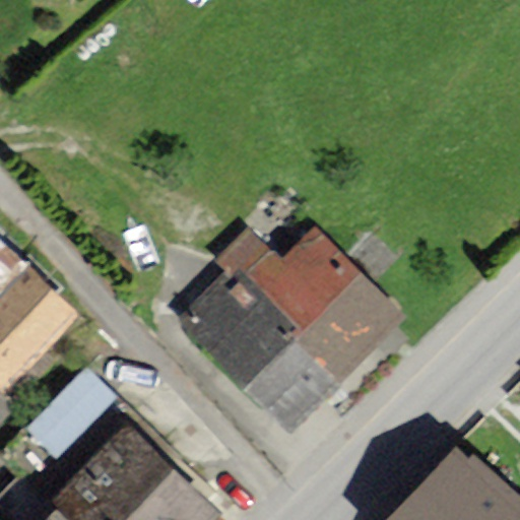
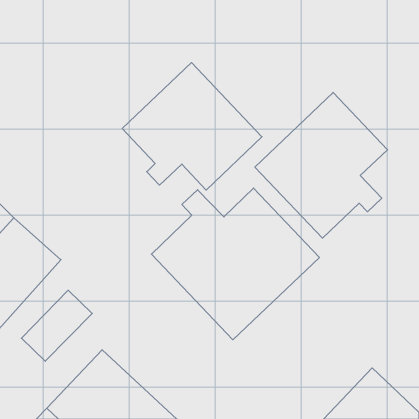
building: none -> [122,63,262,190]
building: none -> [255,92,388,238]

